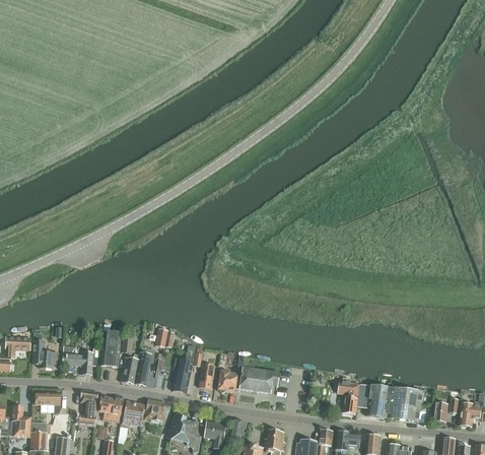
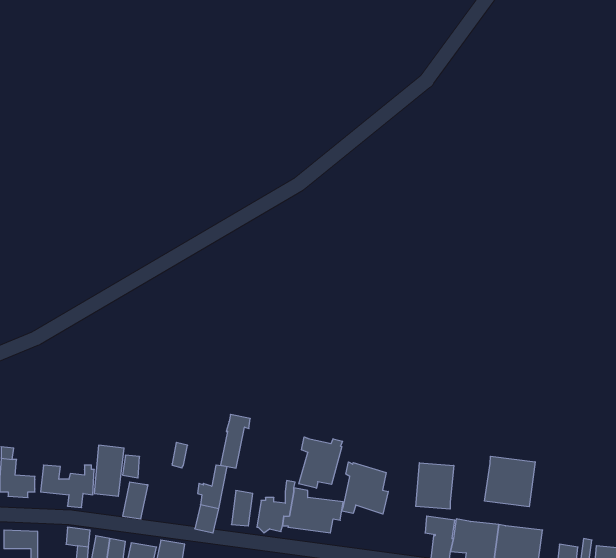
building: none -> [299,437,343,488]
building: none -> [485,456,535,507]
building: none -> [342,462,388,514]
building: none -> [416,463,454,509]
building: [134,346,155,385] -> [221,414,250,468]

